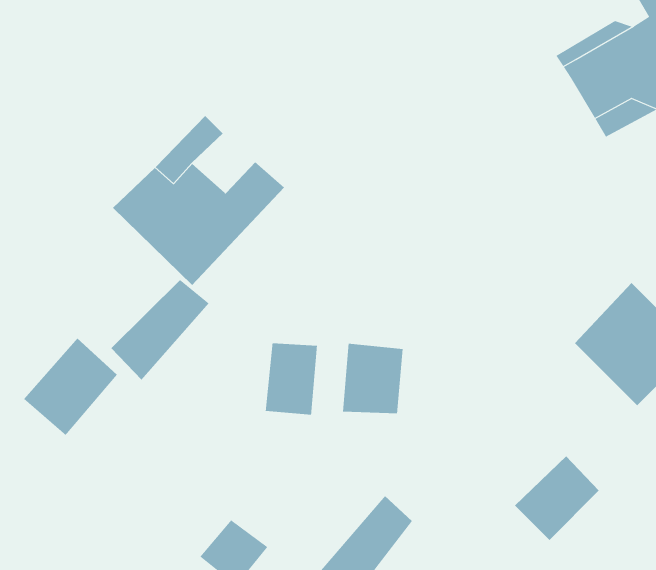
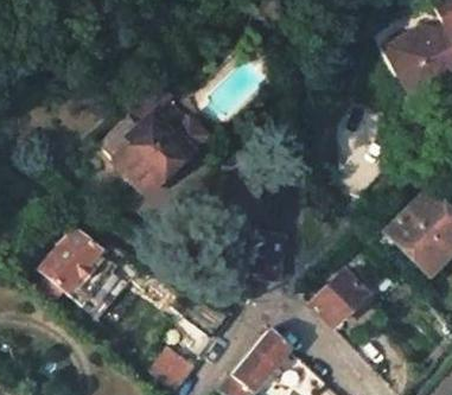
building: [110,279,209,380] -> none
building: [265,342,317,415] -> none
building: [514,455,600,541] -> [313,274,368,329]

